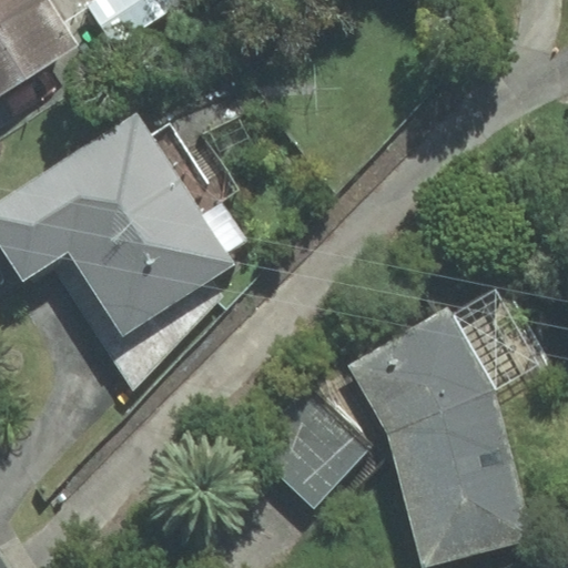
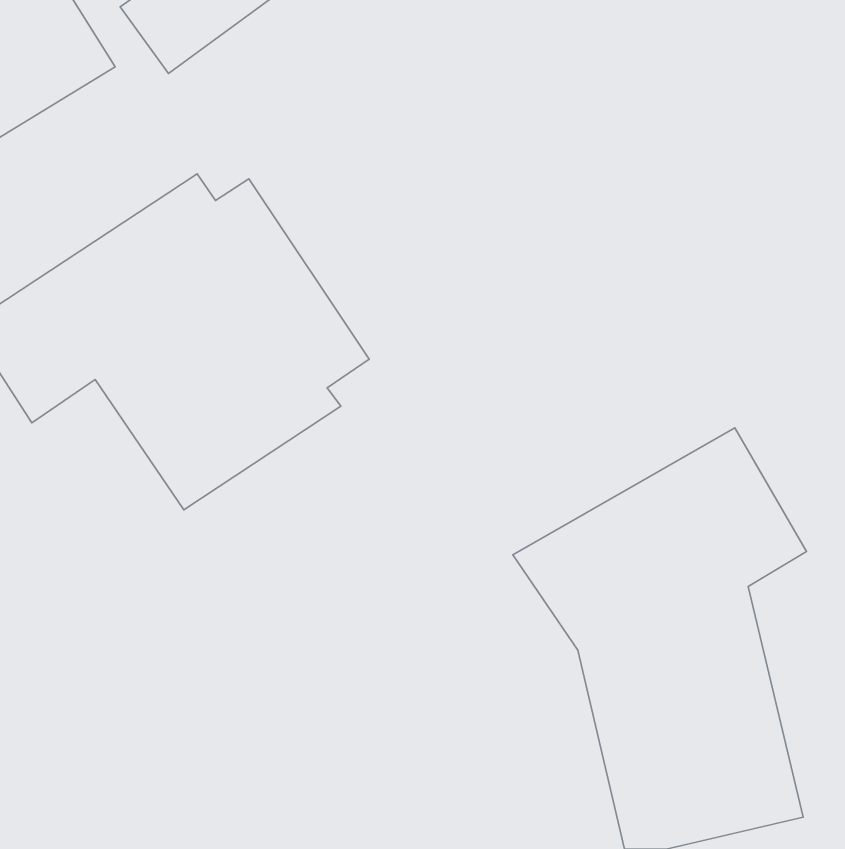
building: [247,390,366,508] -> none

